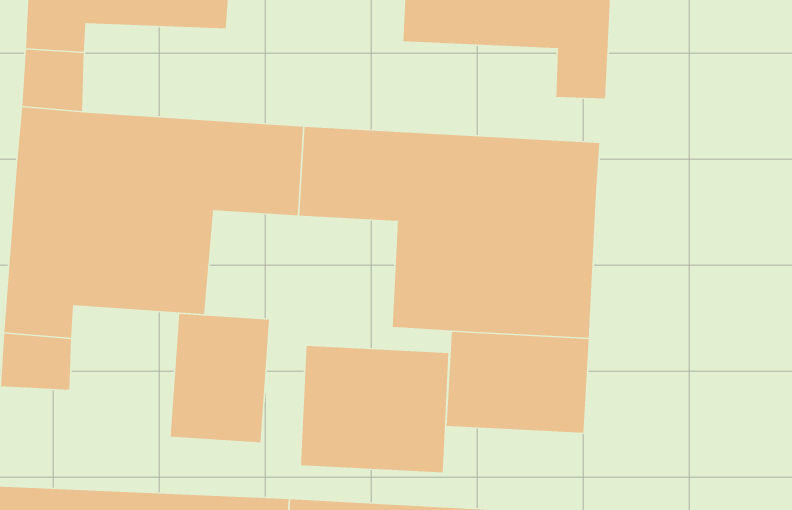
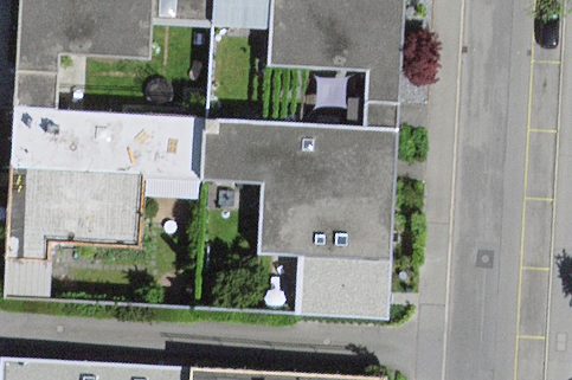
building: [170,313,270,443] -> none
building: [300,345,449,473] -> none

